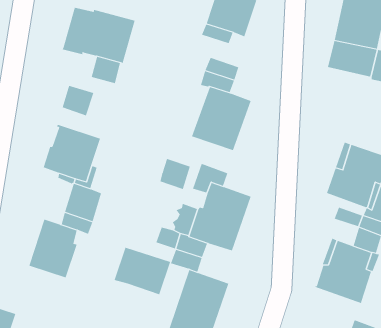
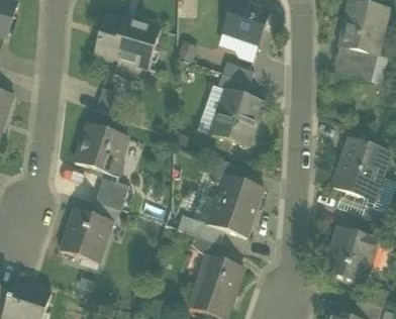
building: [160,158,190,190] -> none
building: [114,247,171,295] -> none

